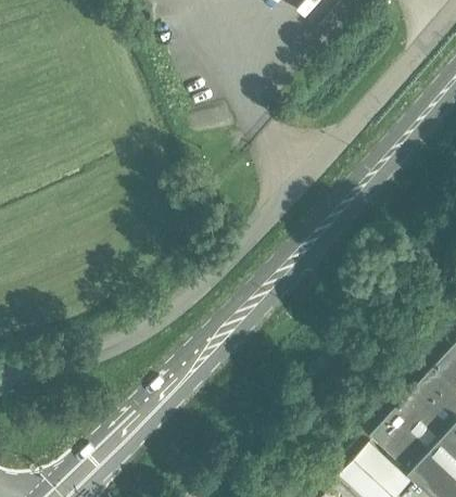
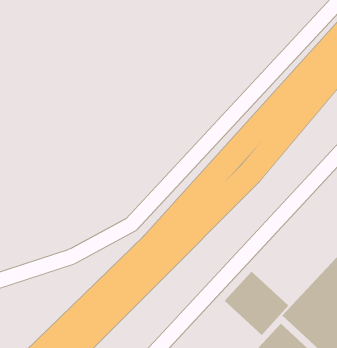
building: none -> [224,271,289,336]

